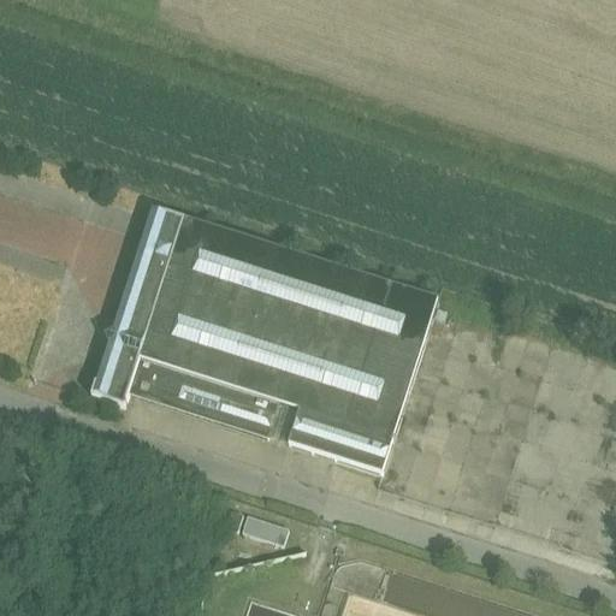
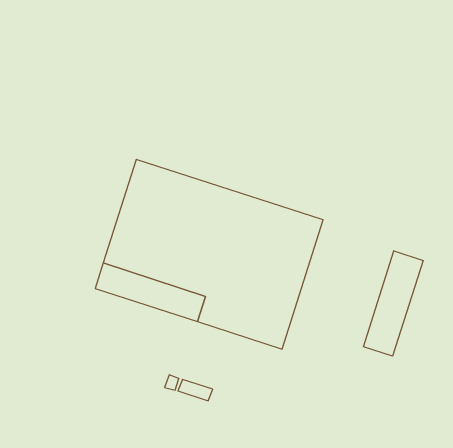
building: [90,207,184,403] -> none
building: none -> [364,251,423,356]

